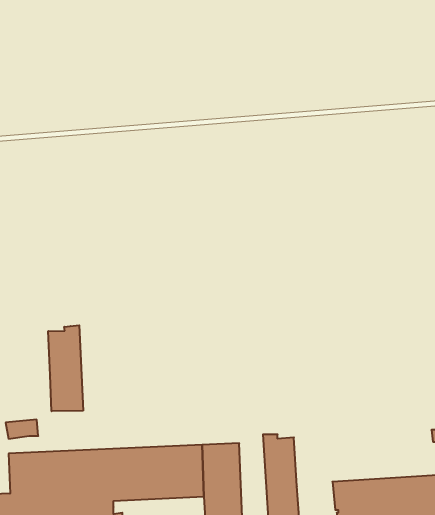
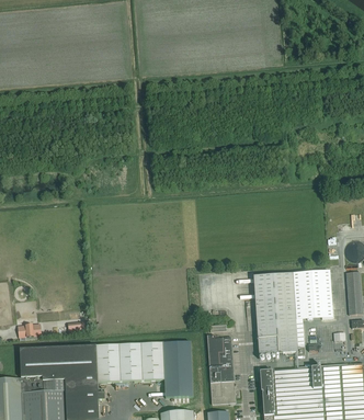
building: [48,325,83,411] -> none
building: none -> [253,271,323,353]

